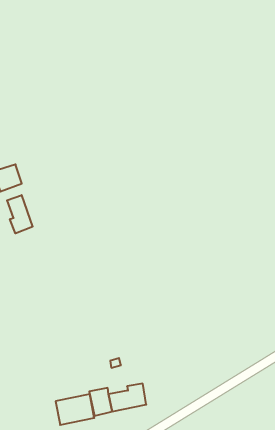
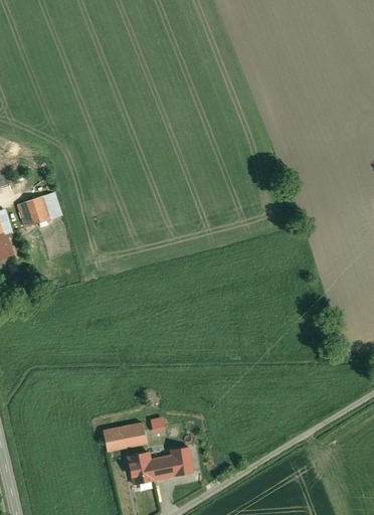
building: [7,195,33,233] -> none
building: [56,394,94,425] -> [103,415,147,451]

